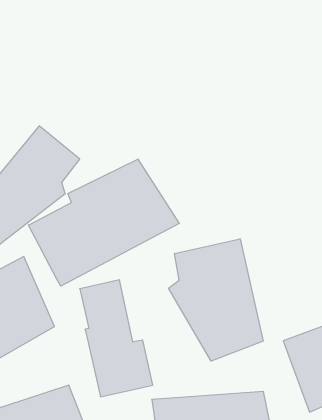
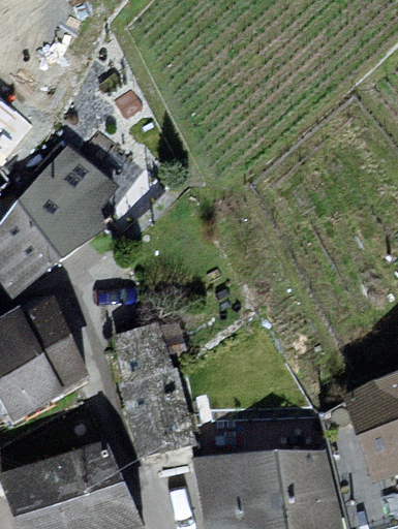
building: [28,159,179,286] -> none
building: [169,239,263,361] -> none

